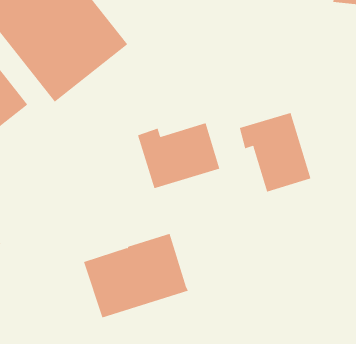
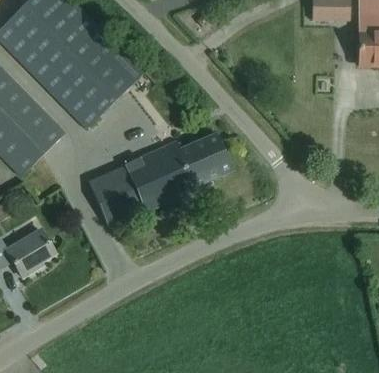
building: [239,112,311,192] -> none
building: [83,233,189,318] -> [88,149,180,227]

